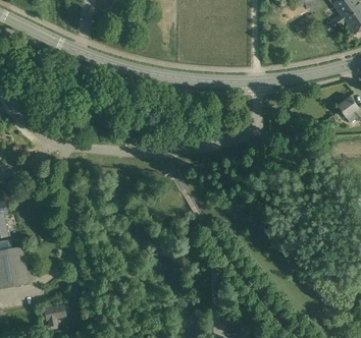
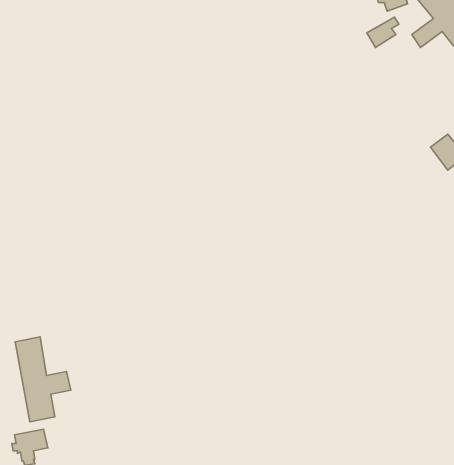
building: none -> [15,337,71,422]

